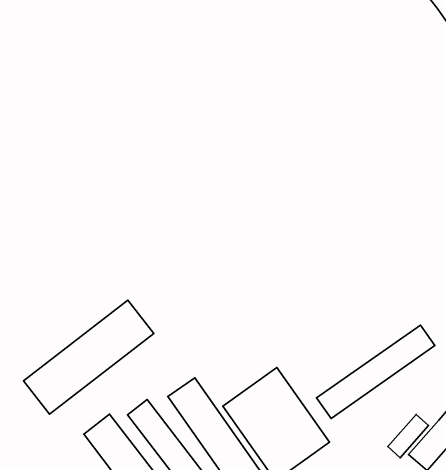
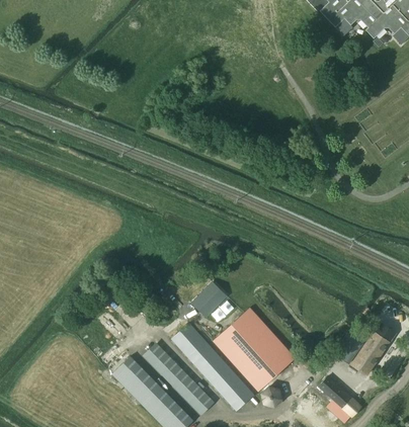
building: [23,300,154,414] -> none
building: [316,325,435,418] -> none
building: none -> [191,281,226,316]

